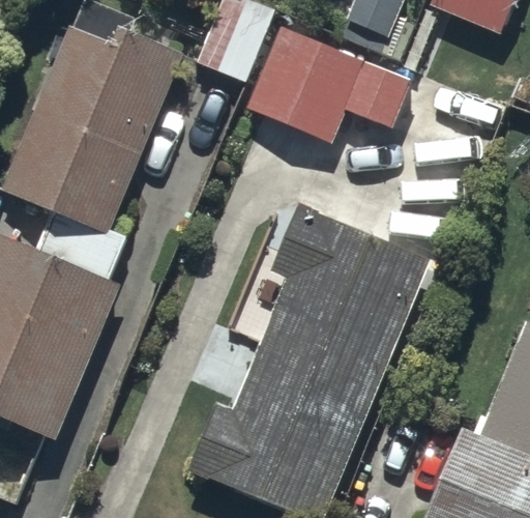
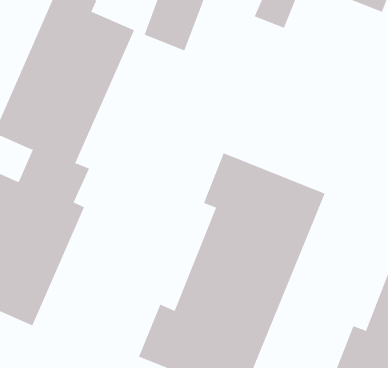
building: [244,23,411,140] -> none

